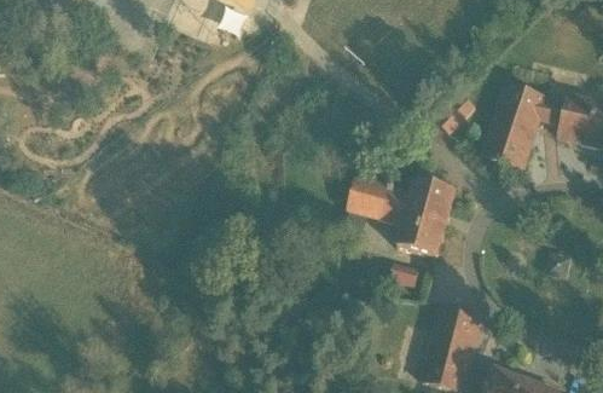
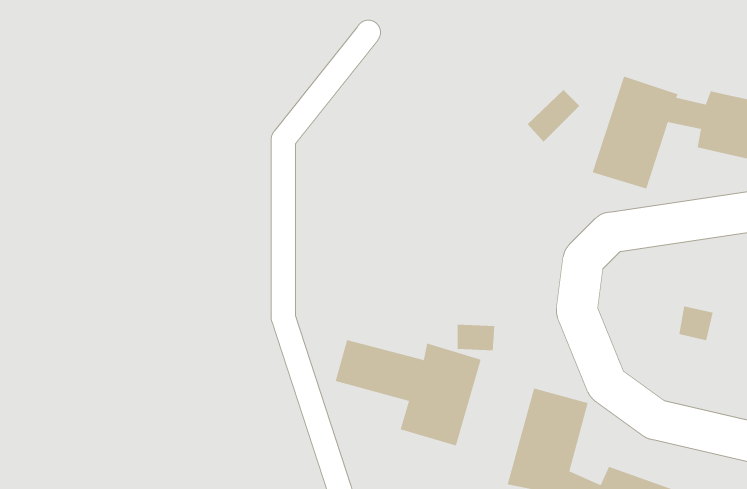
building: [348,180,454,258] -> [335,340,482,446]

